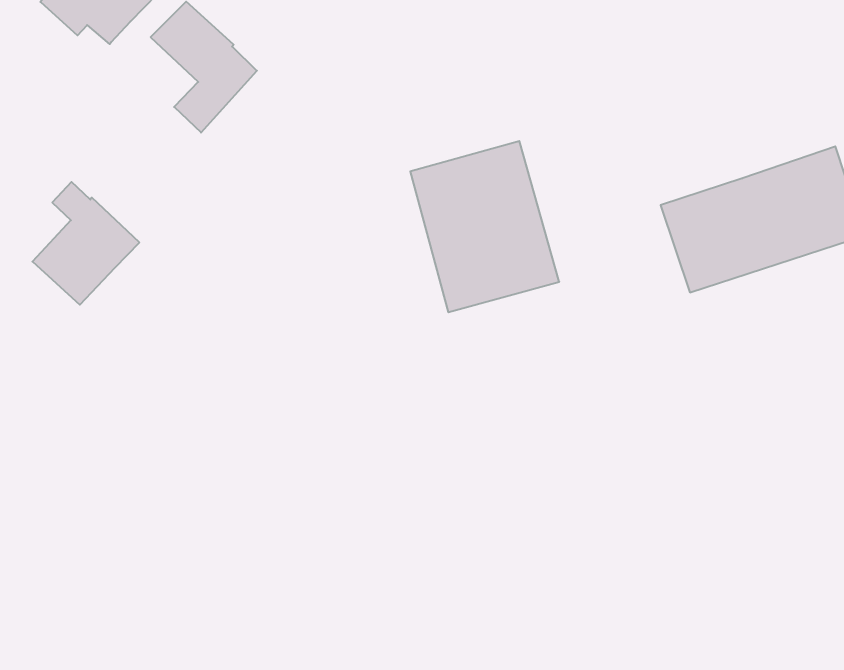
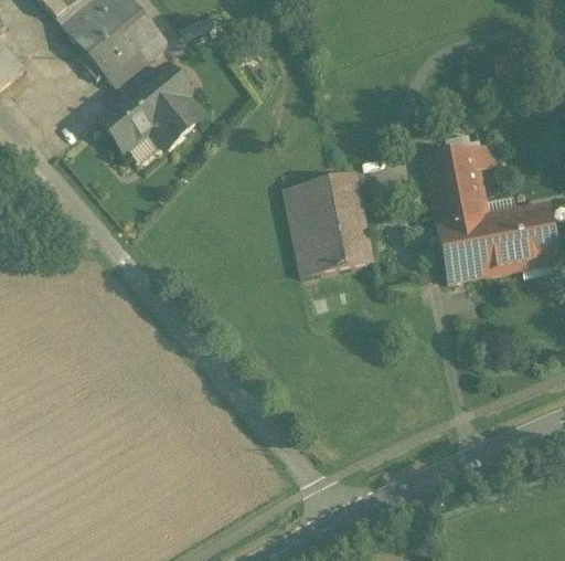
building: none -> [423,145,494,227]
building: [32,182,139,305] -> [100,75,167,150]

